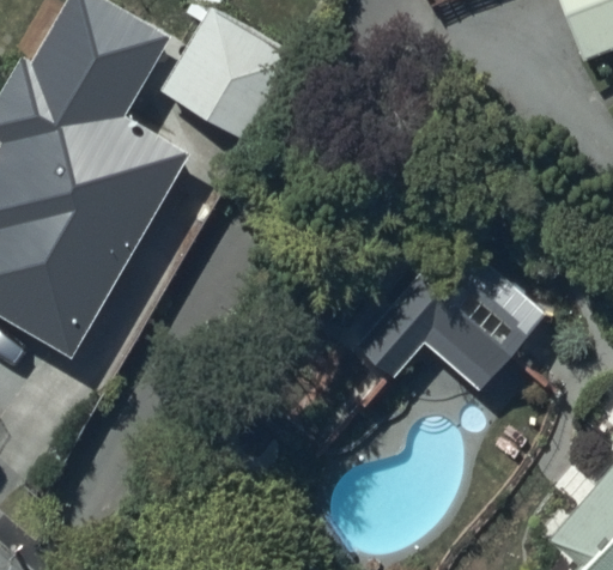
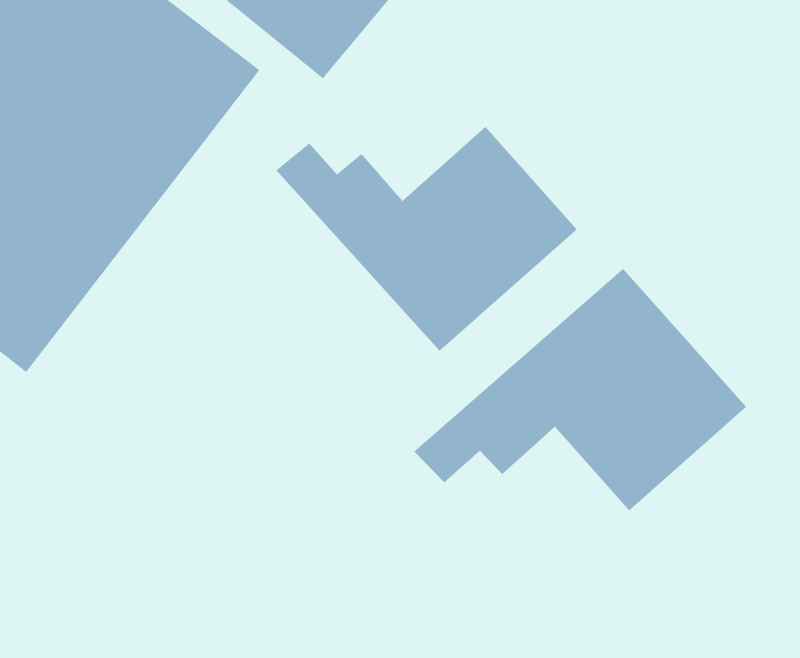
building: none -> [276,126,577,352]

